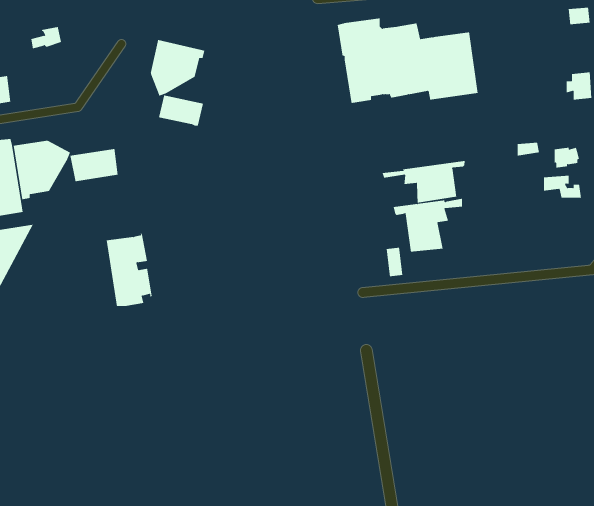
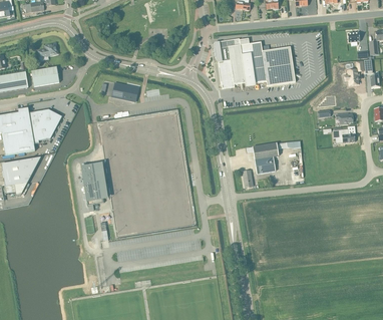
building: [150,39,207,96] -> none
building: [70,148,119,182] -> [31,66,59,85]
building: [382,160,465,204] -> none

